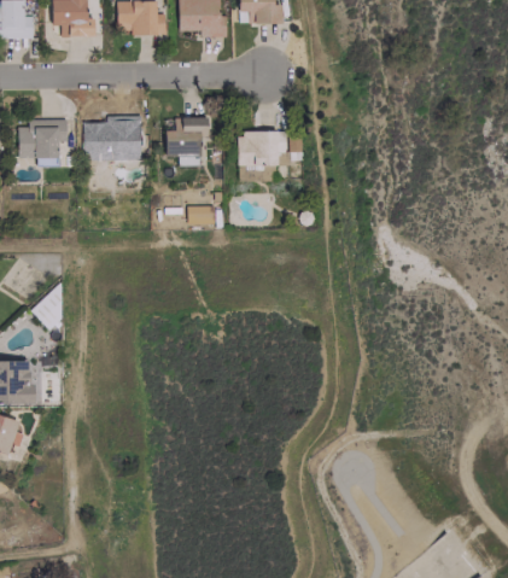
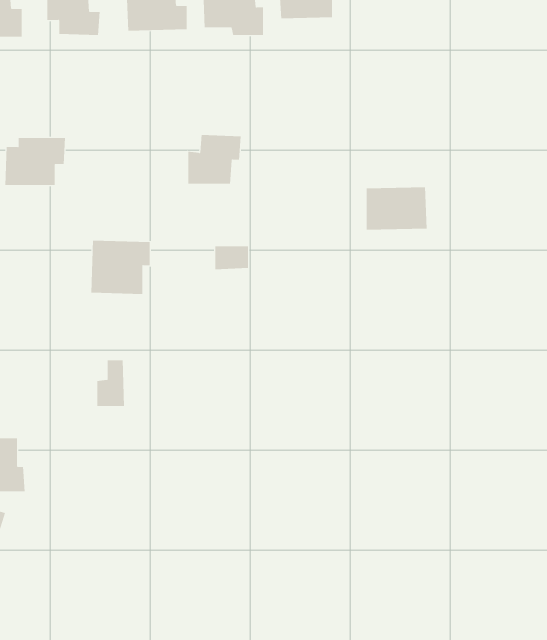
building: [93,117,141,160] -> [91,240,151,294]
building: [238,130,287,165] -> [366,187,427,230]
building: [39,287,62,325] -> [96,360,125,406]

